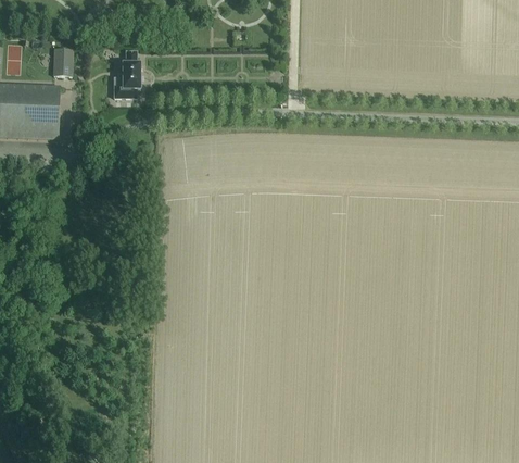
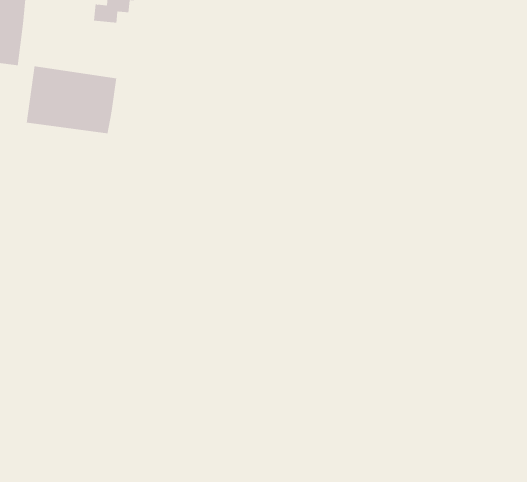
building: none -> [26,66,117,134]

